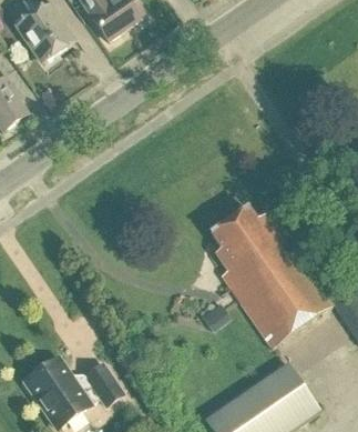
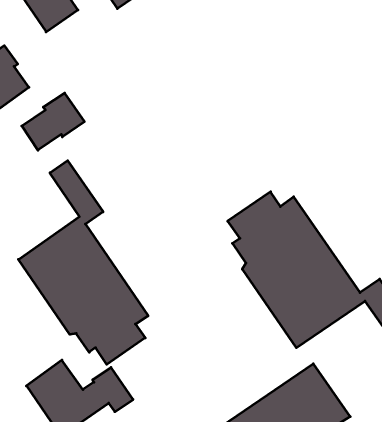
building: none -> [22,93,84,150]
building: none -> [18,161,148,364]

